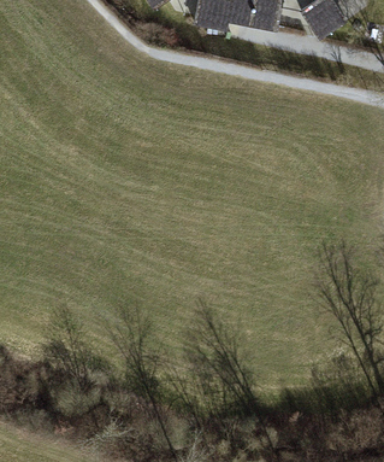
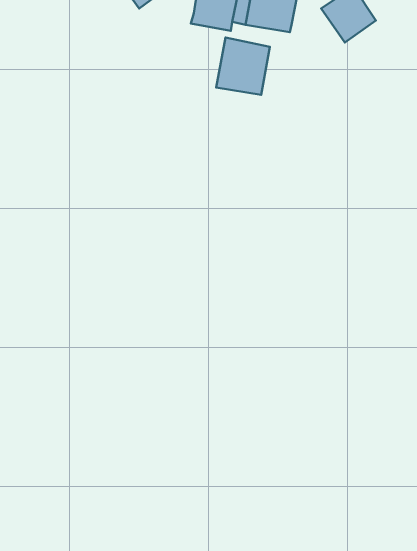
building: none -> [216,38,270,95]

